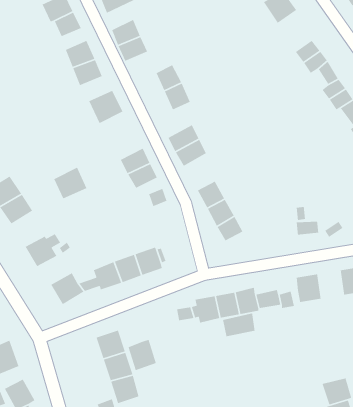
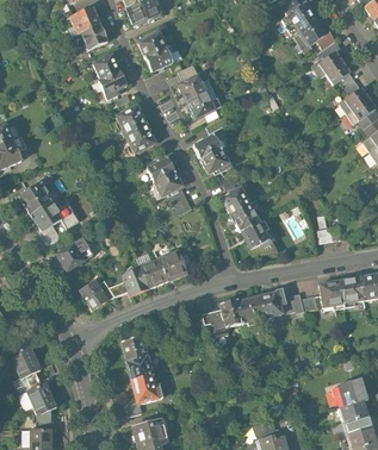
building: none -> [298,21,333,51]
building: [53,167,87,200] -> [124,120,157,152]
building: none -> [337,274,362,302]
building: [222,313,255,337] -> none
building: [127,339,157,371] -> none

